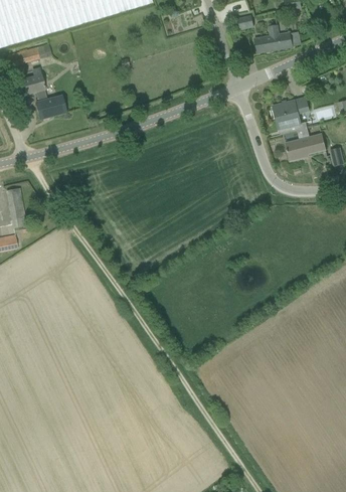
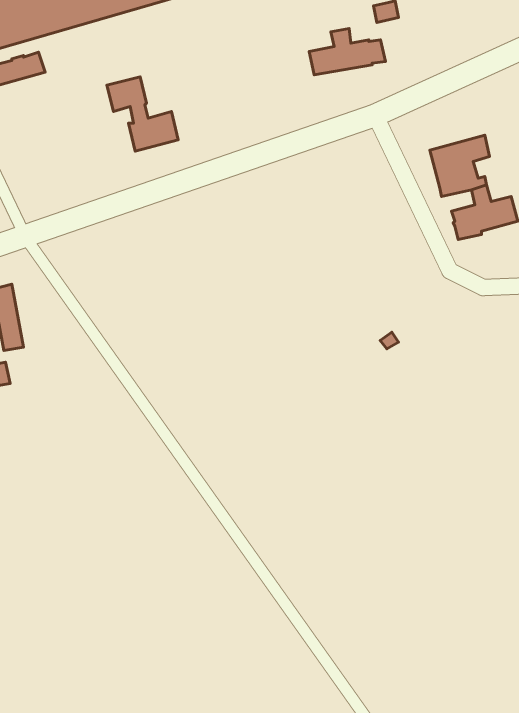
building: [253,24,300,52] -> [309,28,386,75]
building: [21,73,64,119] -> [107,77,178,151]

